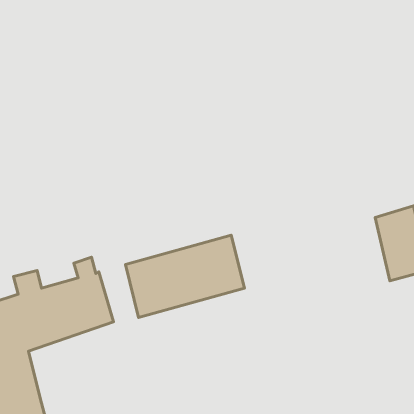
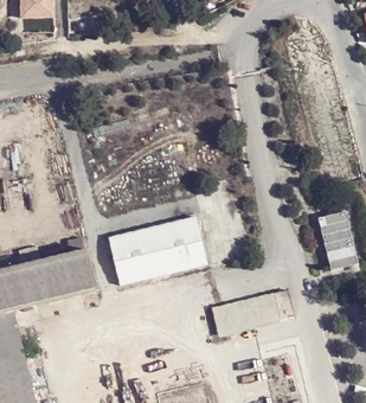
building: none -> [208,288,294,338]

